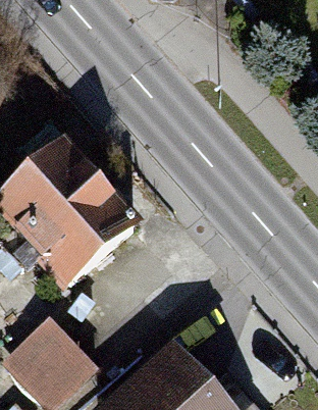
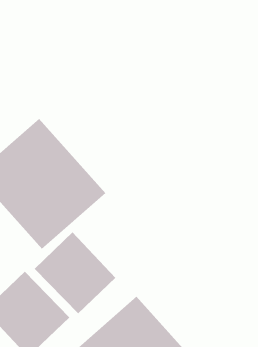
building: none -> [34,232,116,314]

